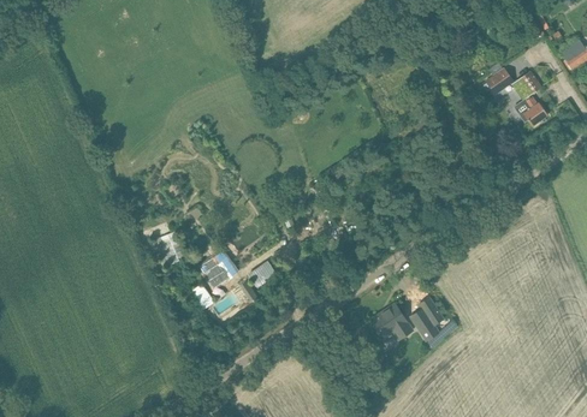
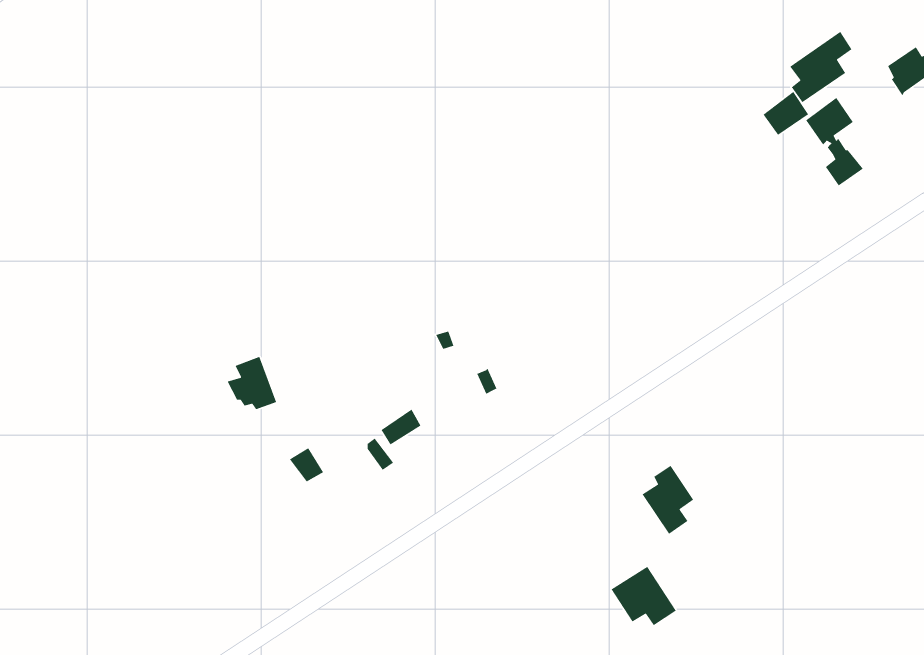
building: none -> [789,31,853,103]
building: [201,249,238,286] -> none
building: [373,303,414,340] -> [611,566,677,626]

